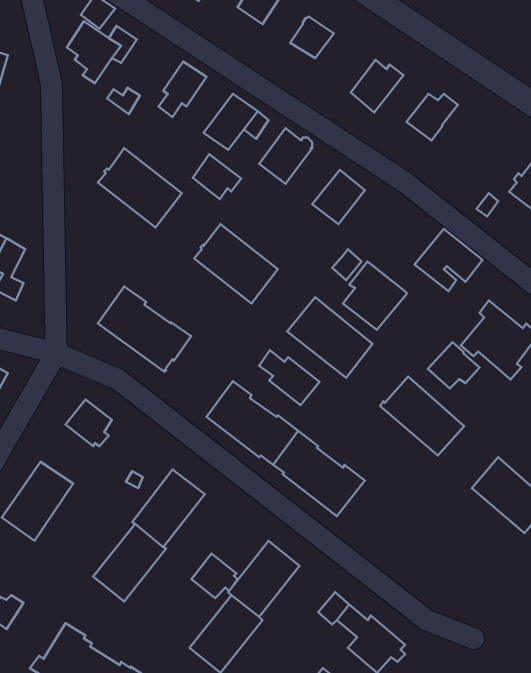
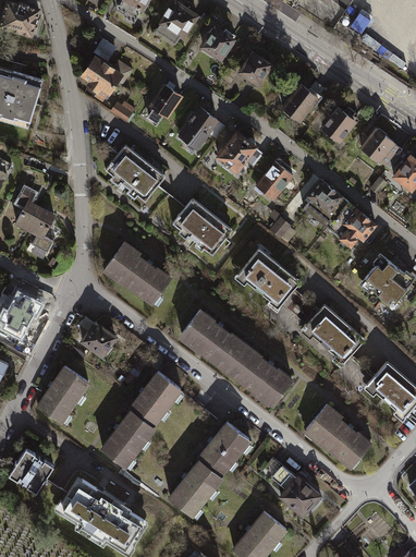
building: none -> [360,129,399,161]
building: [193,154,241,199] -> none
building: [343,261,406,330] -> [303,180,347,228]
building: [428,342,479,389] -> none
building: [259,350,319,405] -> none
building: none -> [305,404,370,467]
building: [192,553,238,598] -> none

